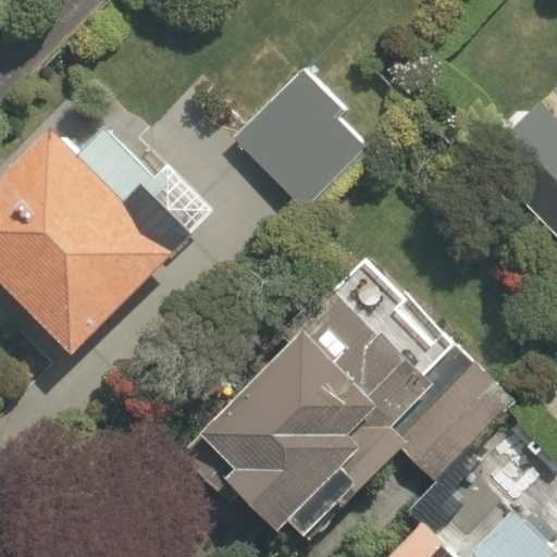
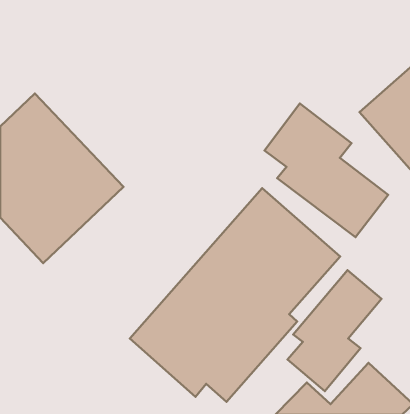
building: [232,85,374,226] -> none
building: none -> [264,103,388,237]

